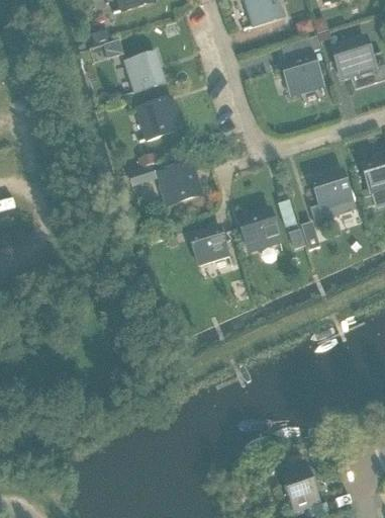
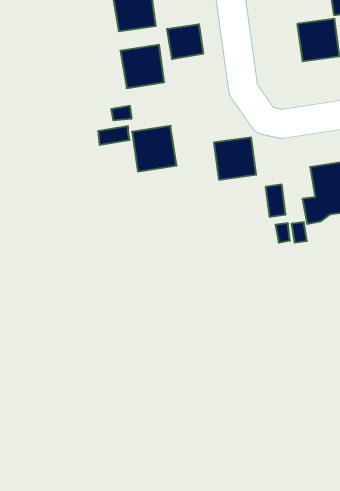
building: none -> [167,24,203,59]
building: [239,210,279,250] -> [214,137,256,180]
building: [189,226,228,266] -> none

